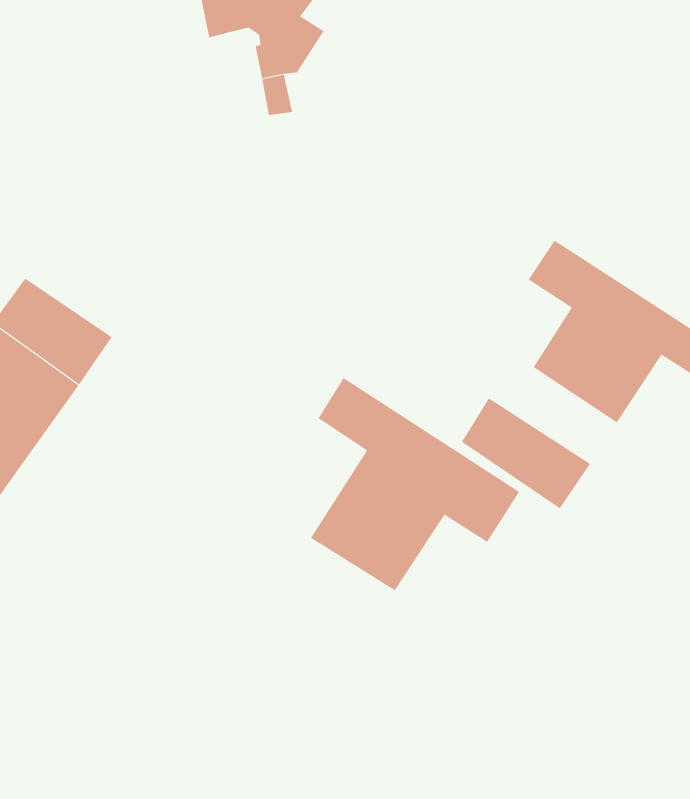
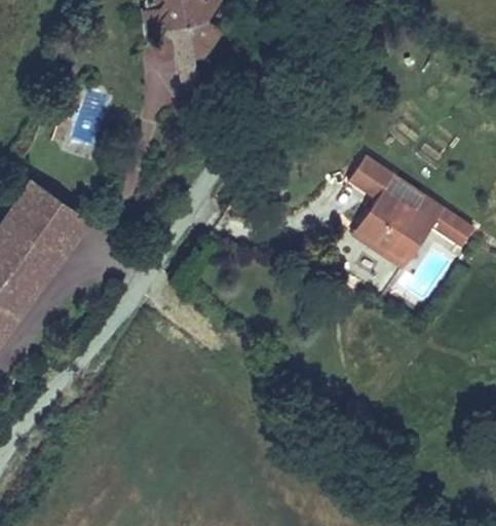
building: [310,377,520,591] -> none
building: [461,398,591,509] -> none

